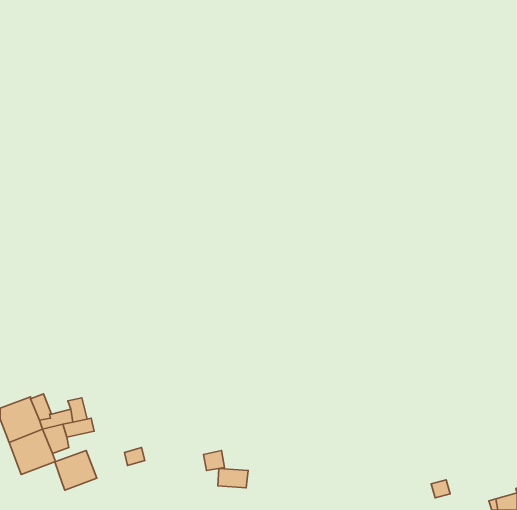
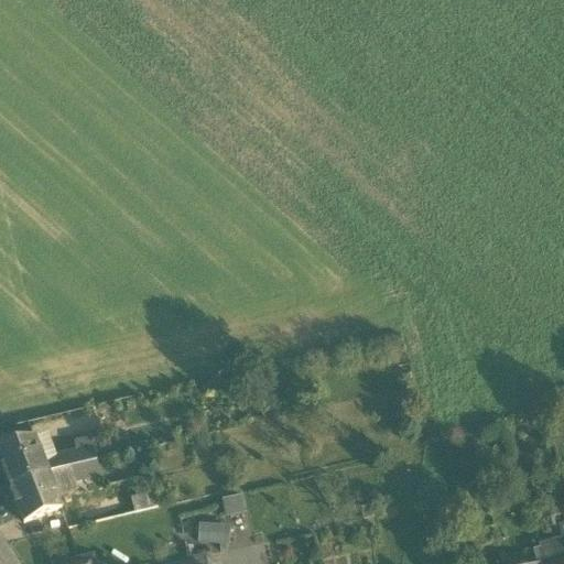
building: [55,450,97,490] -> none
building: [218,469,248,488] -> [197,520,230,541]

